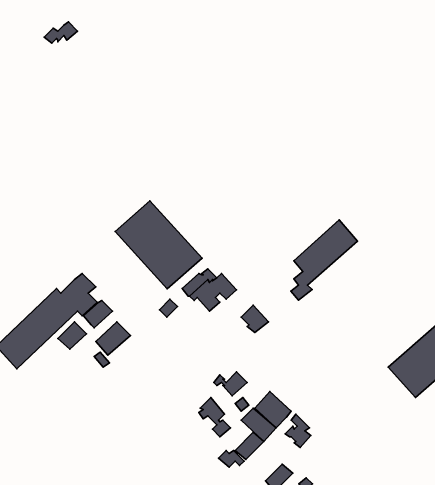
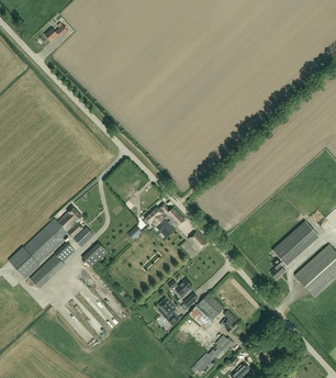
building: [115,201,202,289] -> none
building: [291,220,358,300] -> [270,221,318,279]

